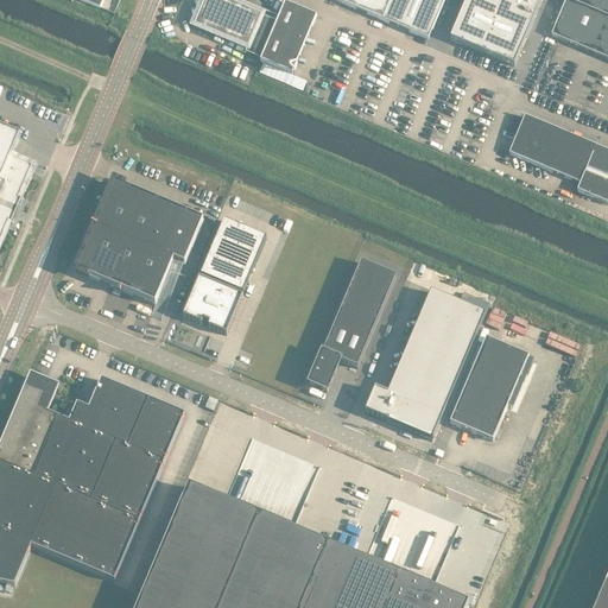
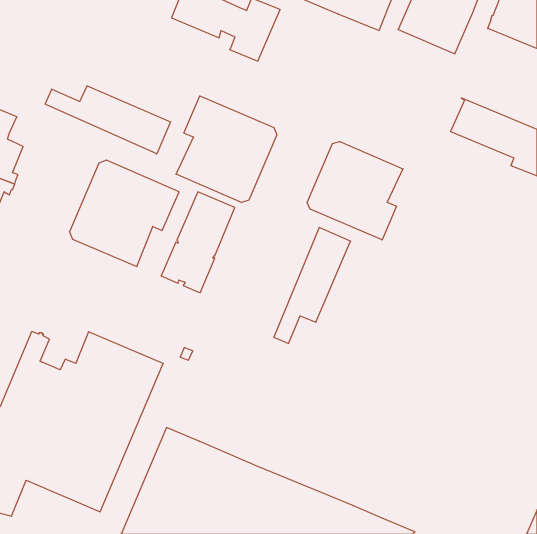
building: none -> [45,86,171,154]
building: none -> [176,96,277,203]
building: none -> [307,141,403,240]
building: [365,286,484,436] -> none
building: [449,334,528,437] -> none

